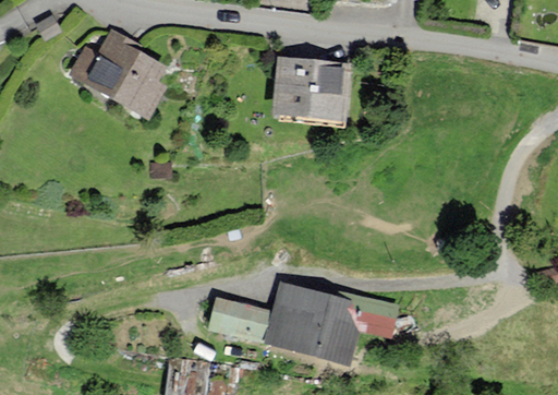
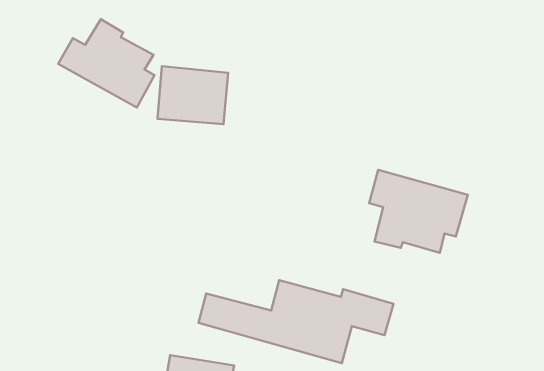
building: [276,59,344,116] -> [157,66,228,124]
building: none -> [369,170,468,253]

